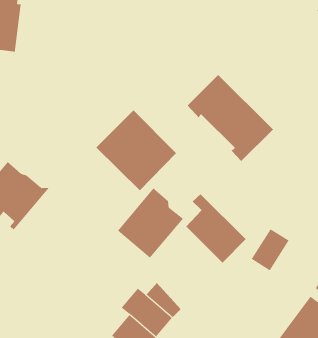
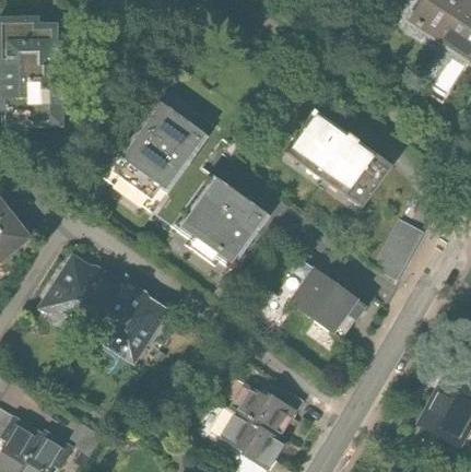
building: none -> [106,98,210,209]
building: [117,188,184,258] -> [92,278,168,362]
building: [251,228,290,271] -> [375,220,417,270]

